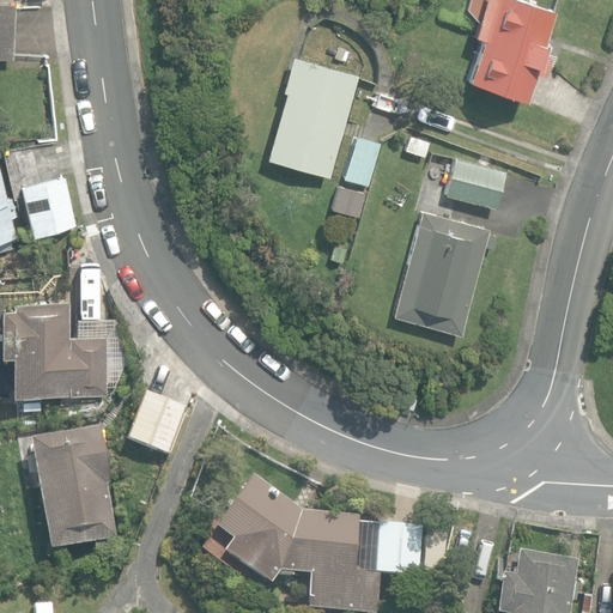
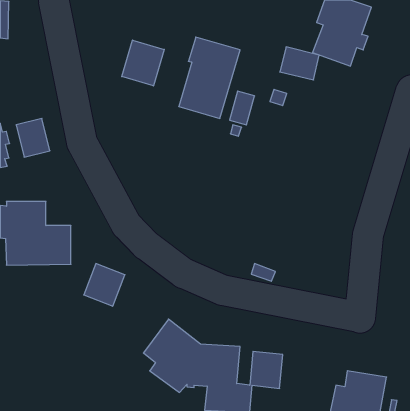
building: none -> [122,40,164,86]
building: [443,158,502,207] -> [280,47,319,80]
building: [393,211,497,335] -> none
building: [29,427,117,552] -> none

